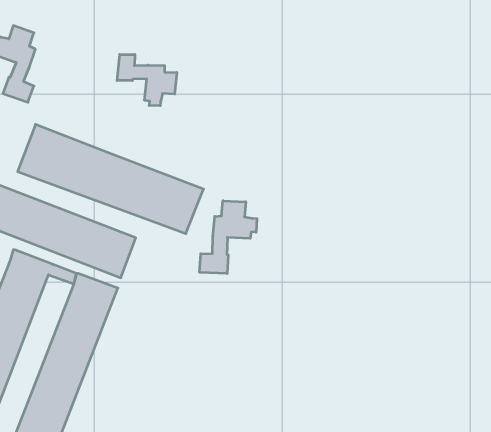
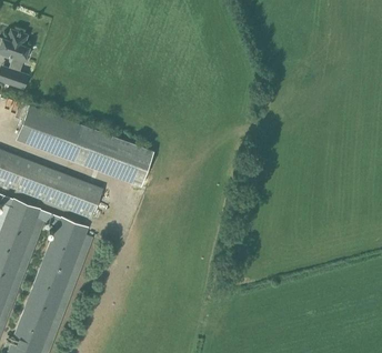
building: [117,54,177,106] -> none
building: [200,201,257,274] -> none

